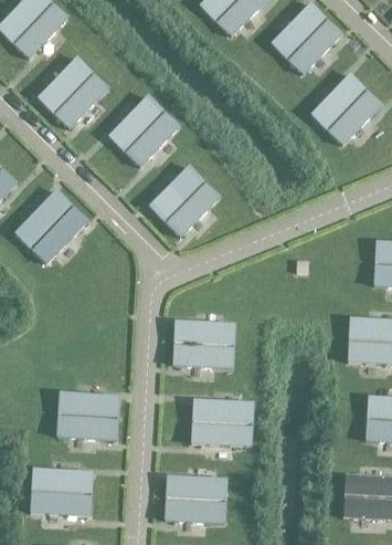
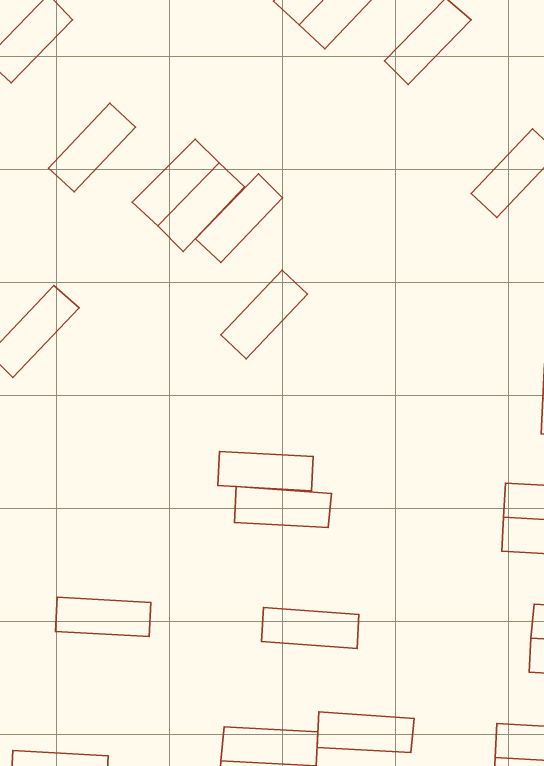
building: [286,17,342,74] -> none
building: [36,55,93,113] -> none
building: [310,72,367,129] -> none
building: [148,164,204,221] -> [195,174,282,263]
building: [30,203,88,263] -> none
building: [172,343,234,368] -> [218,452,313,491]
building: [56,413,118,439] -> none
building: [190,420,253,447] -> [317,712,414,753]
building: [30,468,93,494] -> none

